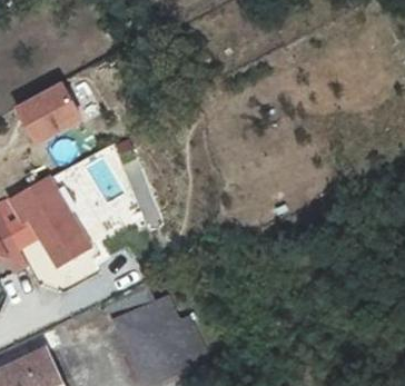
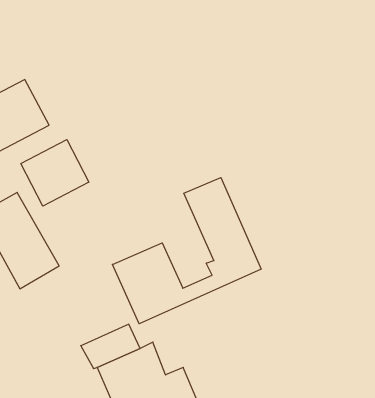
building: none -> [21,140,89,206]
building: none -> [112,178,261,324]

